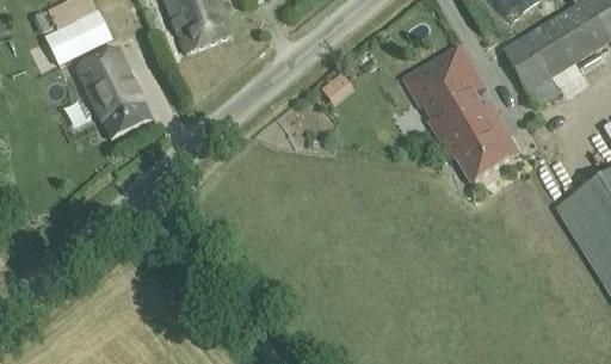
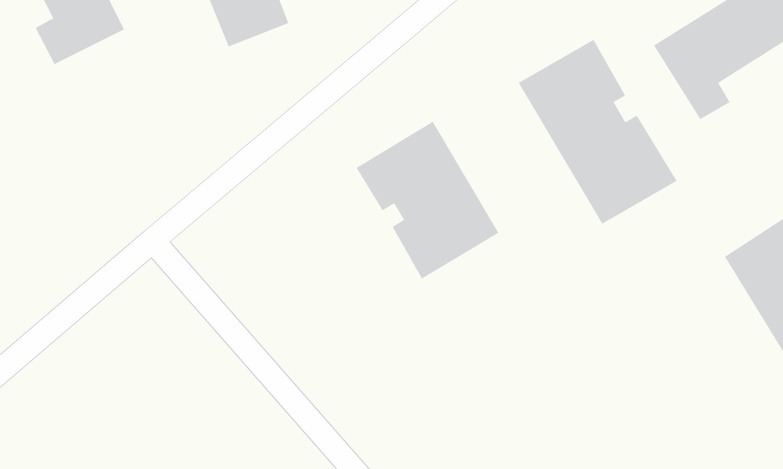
building: [75,47,149,136] -> none
building: none -> [356,121,499,280]

